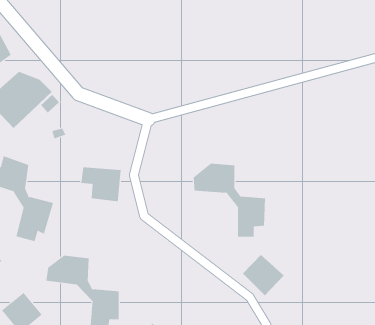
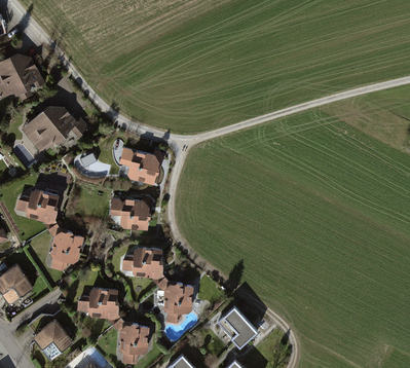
building: none -> [120,145,160,181]
building: [193,163,266,237] -> [119,246,192,320]
building: [242,254,284,296] -> [217,304,259,346]

